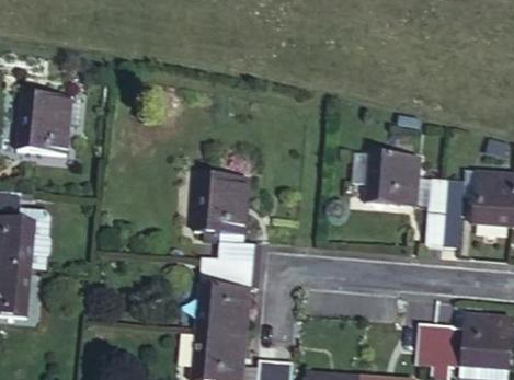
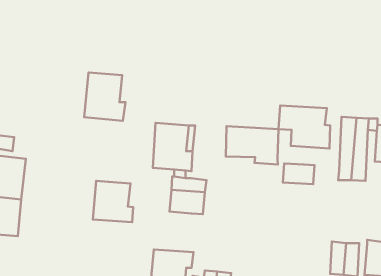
building: [18,93,69,153] -> [84,72,126,121]
building: none -> [226,126,278,164]
building: none -> [283,163,314,184]
building: [196,284,247,335] -> [93,181,133,222]

